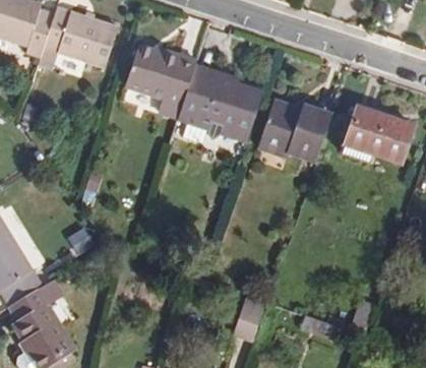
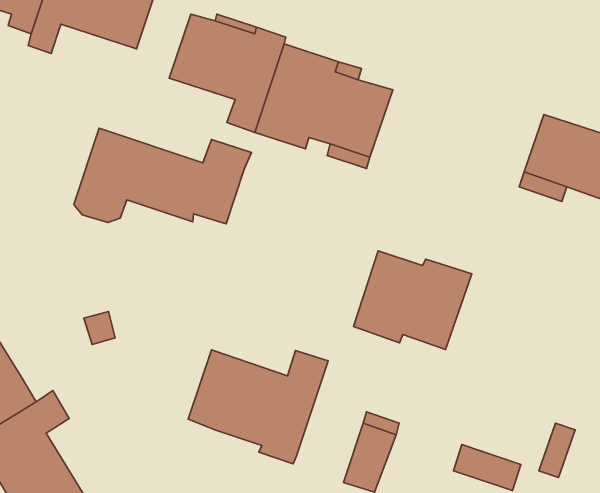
building: [258,100,331,161] -> [354,251,472,349]
building: none -> [74,128,251,224]
building: none -> [188,350,328,464]

